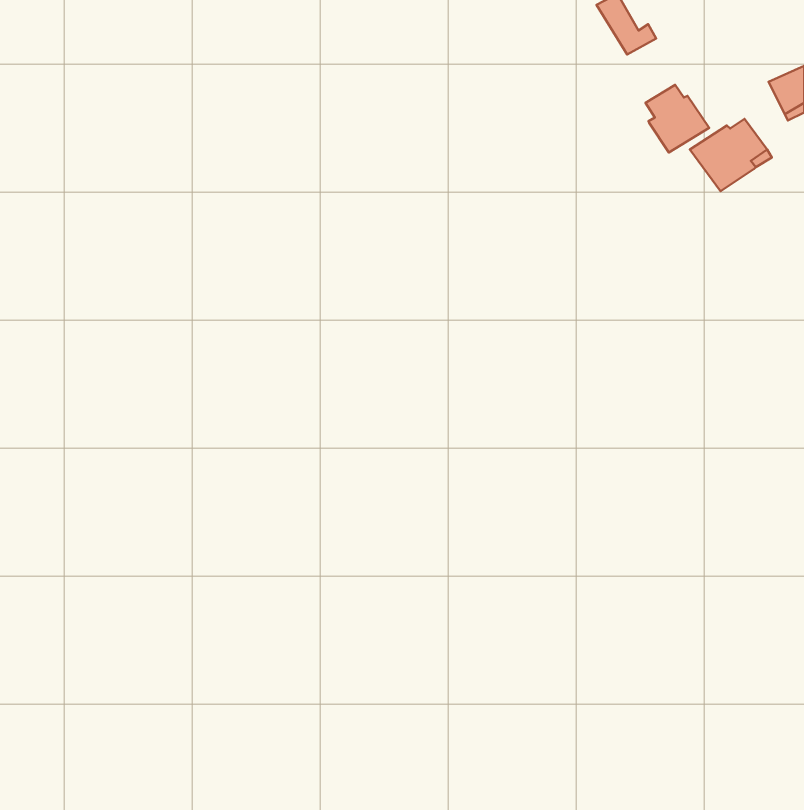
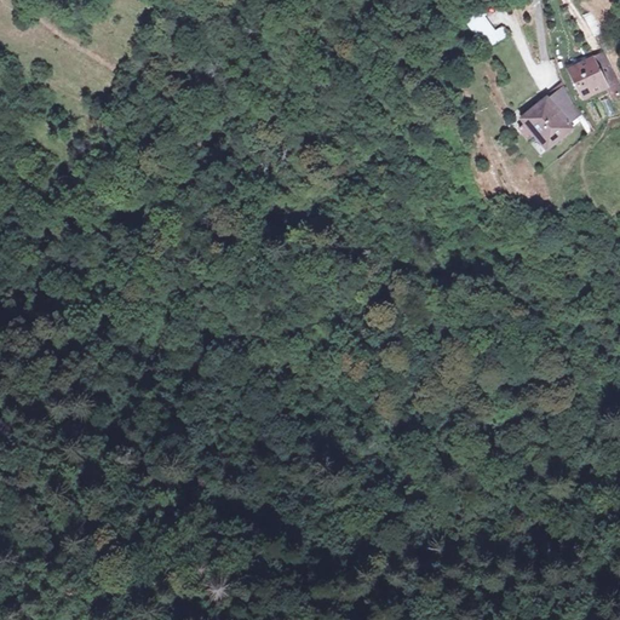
building: [646,85,709,152] -> none

